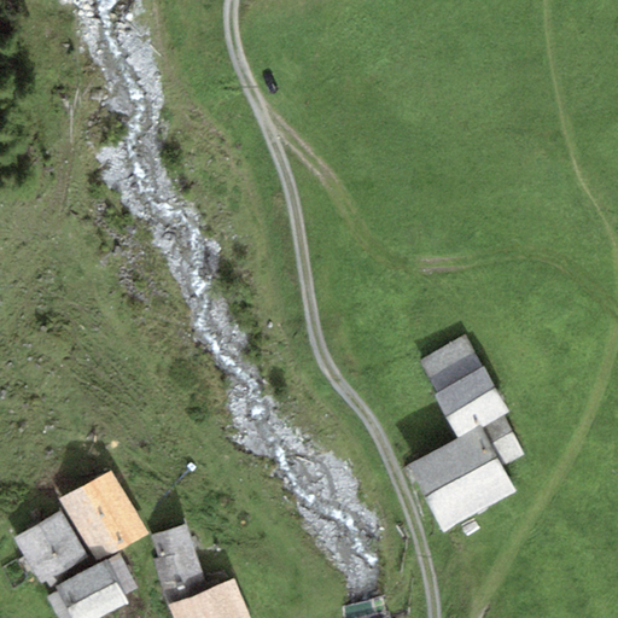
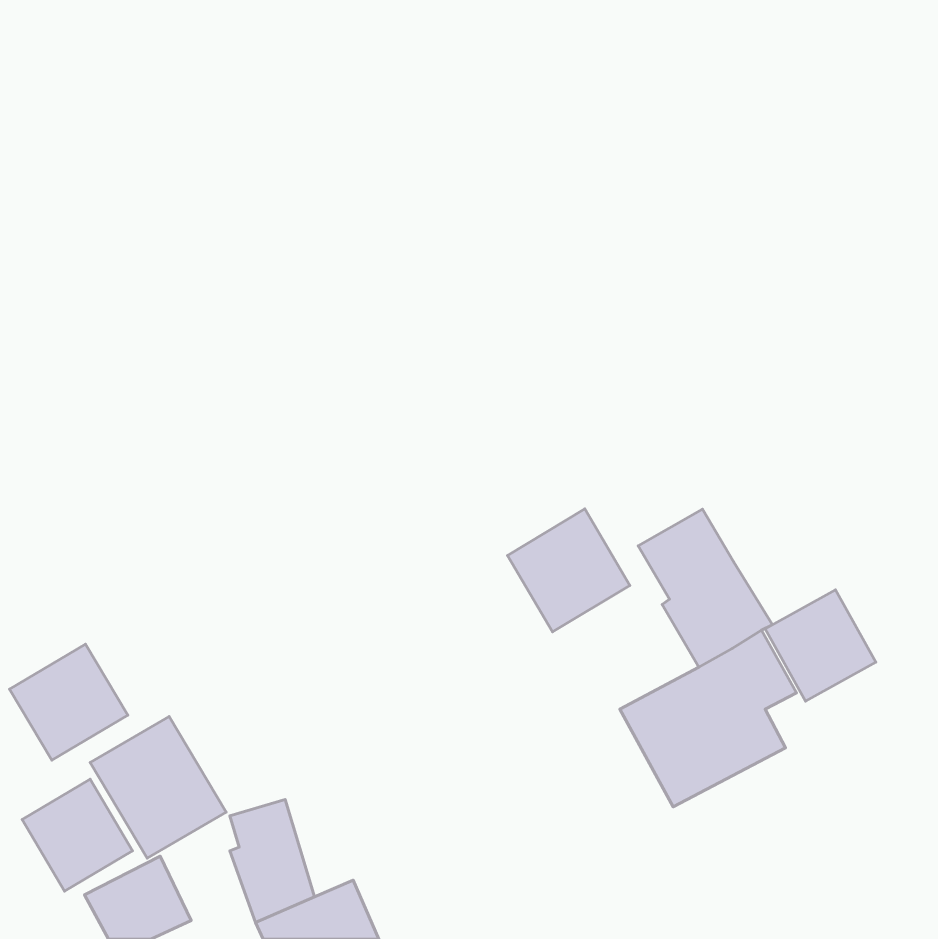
building: none -> [507,509,630,632]
building: none -> [765,590,876,701]
building: none -> [10,644,128,760]

